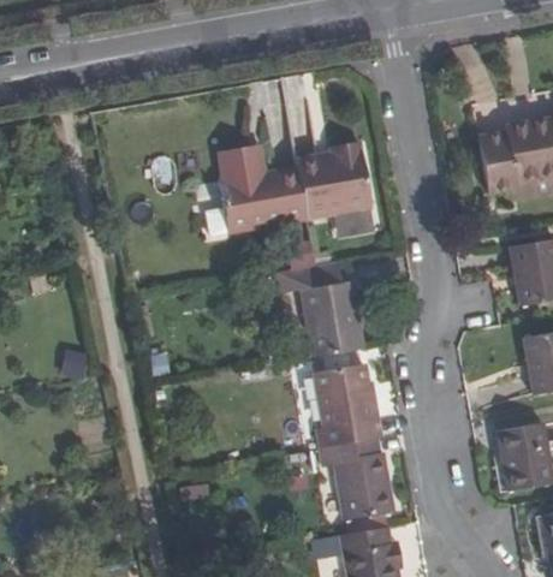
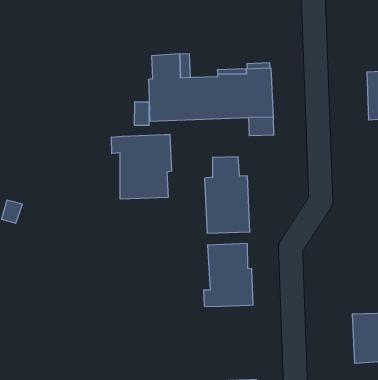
building: none -> [111,134,171,199]
building: [331,438,392,524] -> none

